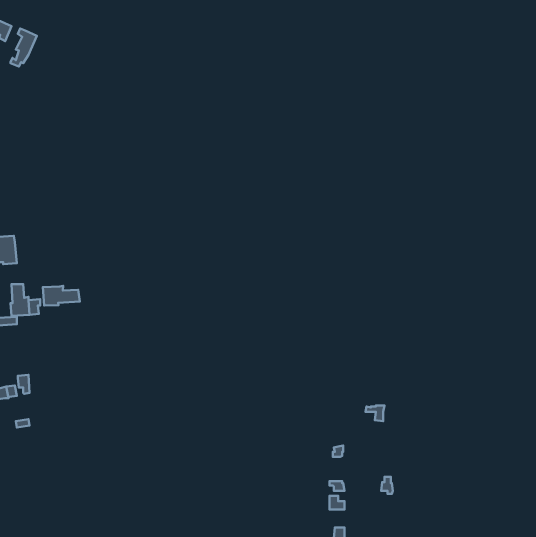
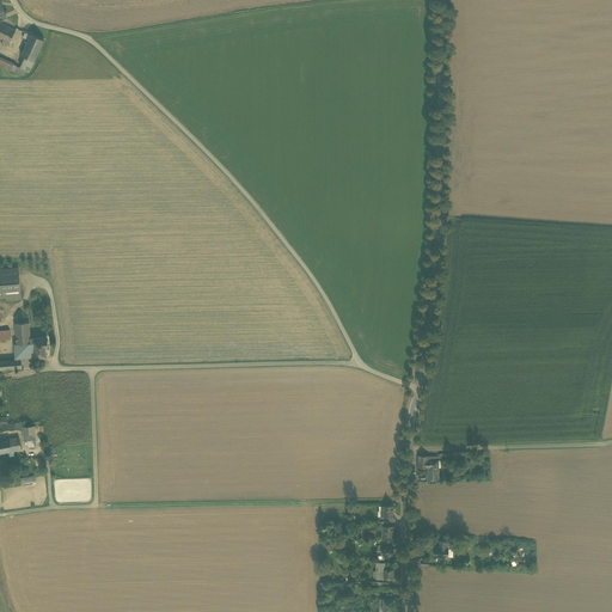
building: [43,286,80,306] -> none

